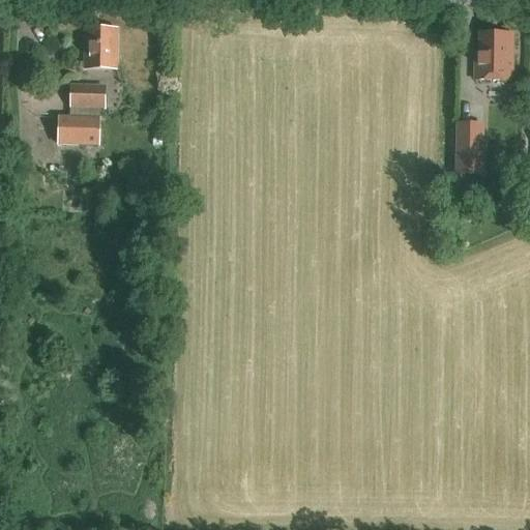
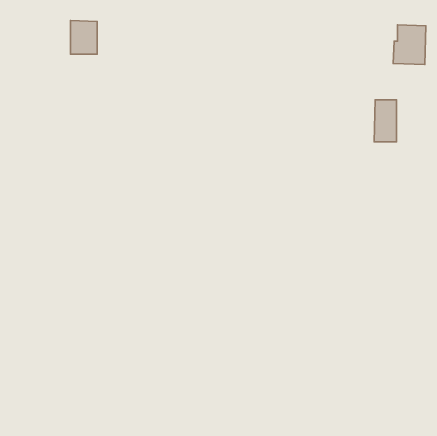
building: [68,83,106,107] -> none
building: [56,113,99,143] -> none

